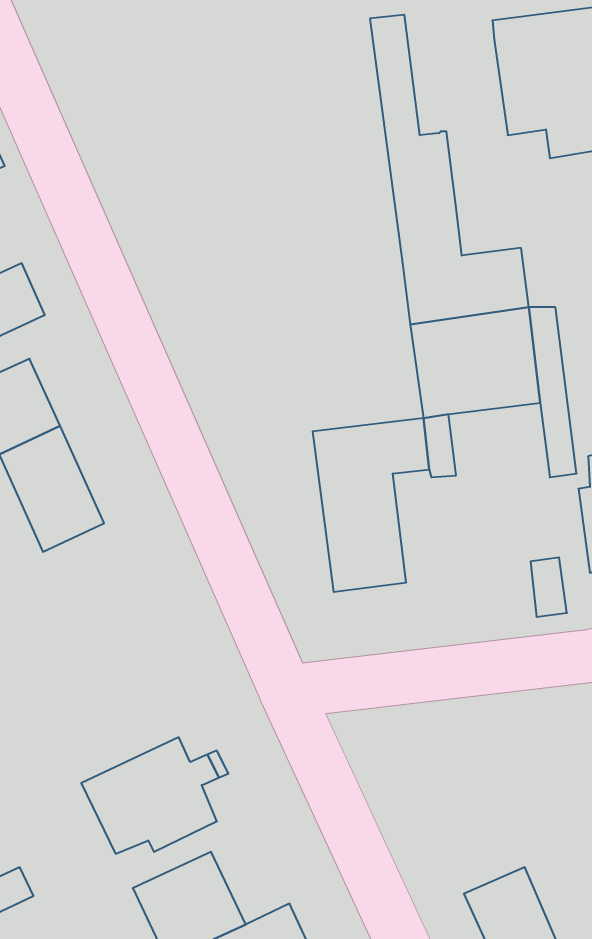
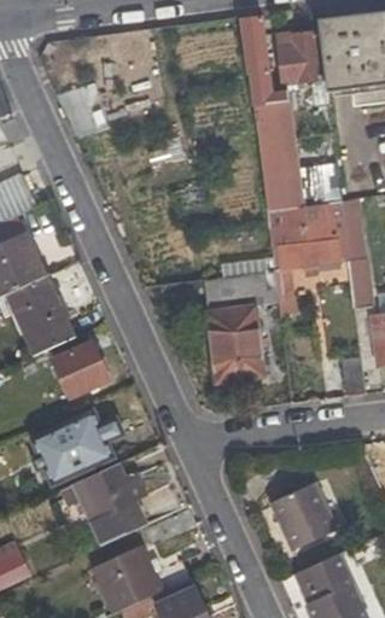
building: none -> [276,33,327,105]
building: none -> [52,342,109,397]
building: none -> [37,409,118,484]
building: none -> [268,482,338,553]

